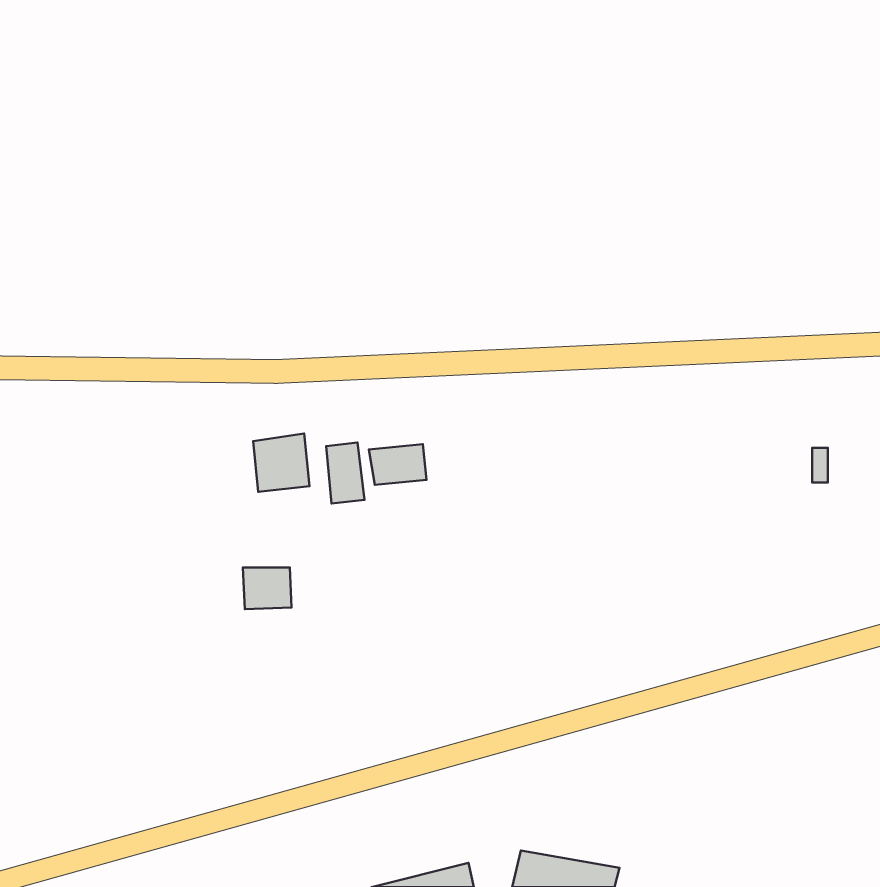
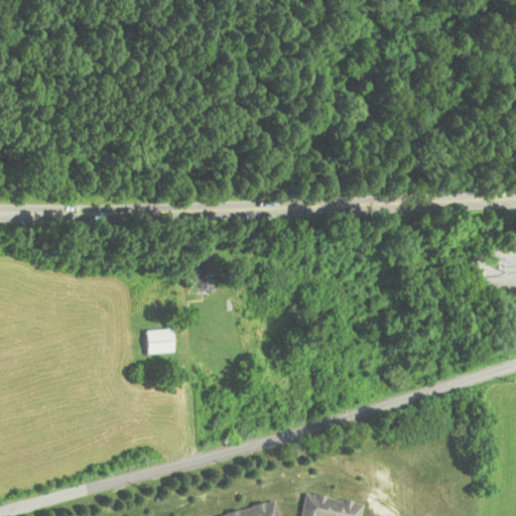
building: [253,434,310,492] -> none
building: [369,444,427,485] -> none

